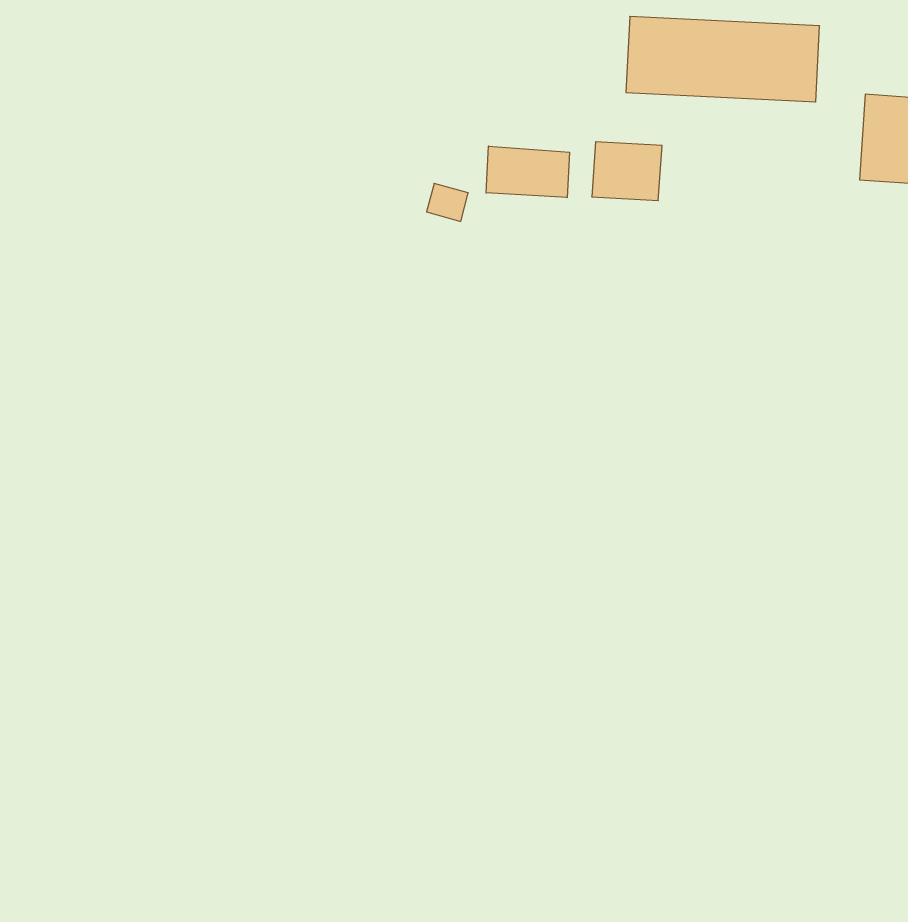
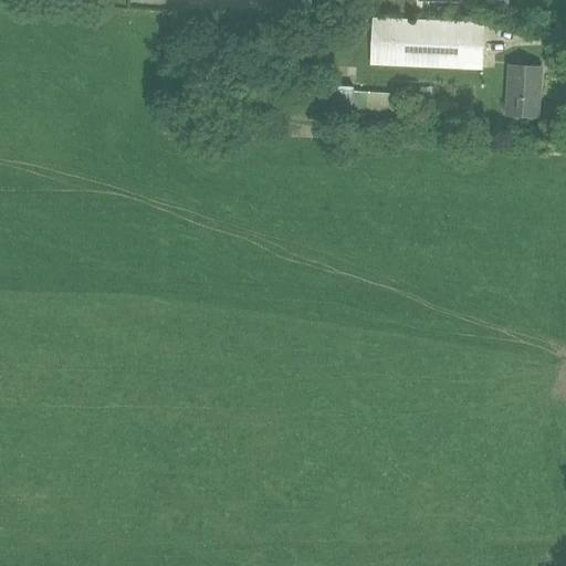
building: [486,146,569,198] -> none

